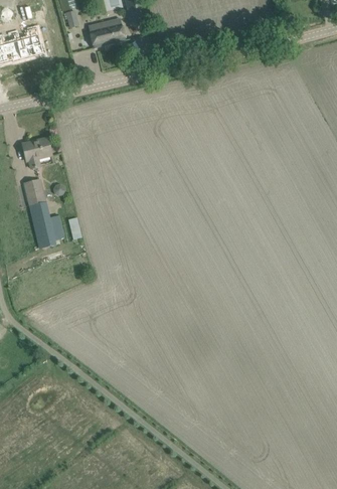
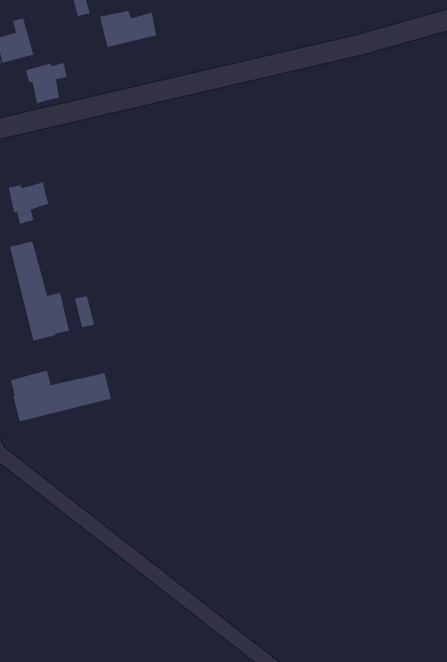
building: none -> [25,62,67,104]
building: none -> [10,370,111,422]

